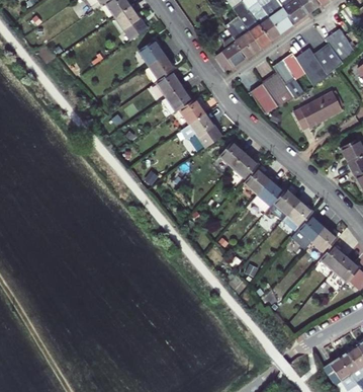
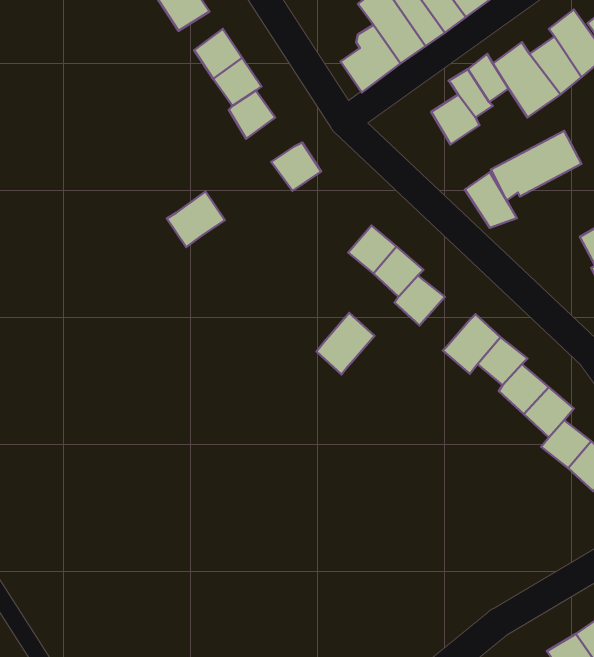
building: [250,83,277,112] -> [465,172,517,228]
building: [161,86,191,115] -> [167,191,225,247]
building: [181,114,220,148] -> none
building: [253,180,283,213] -> [316,313,374,374]

